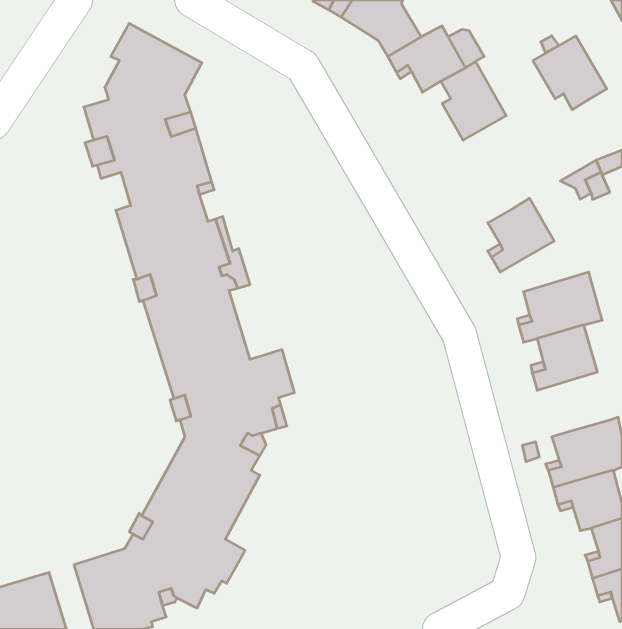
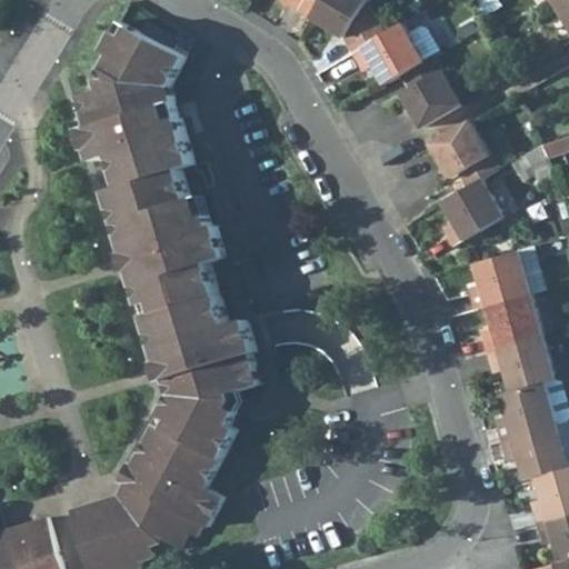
building: [533,36,607,110] -> [428,121,495,188]
building: none -> [485,336,551,391]

